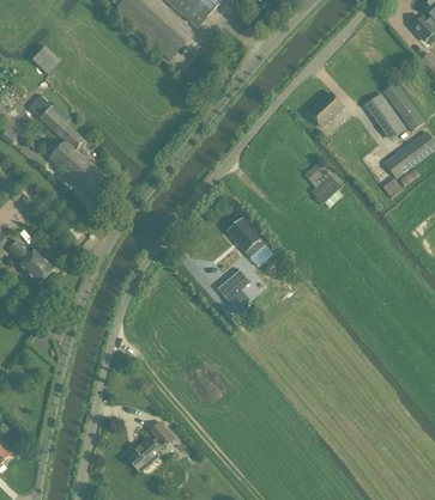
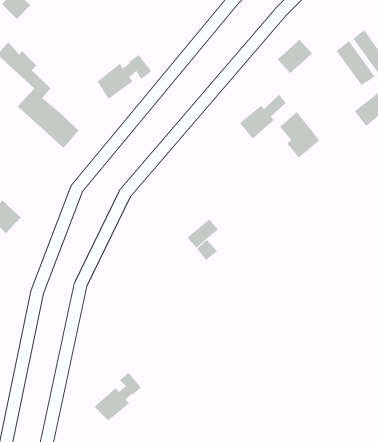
building: none -> [97,54,152,100]
building: none -> [239,94,287,139]
building: [225,218,265,257] -> none

